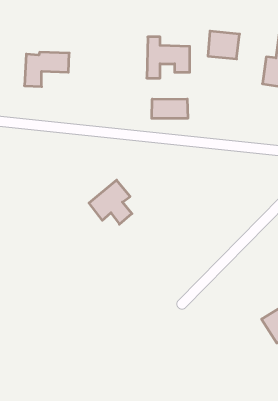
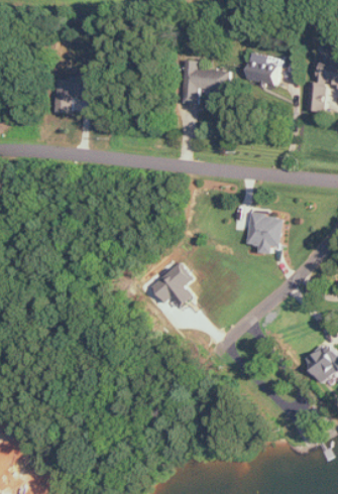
building: [152,99,188,118] -> none
building: [89,180,132,224] -> [147,262,193,308]
building: none -> [247,215,281,253]

